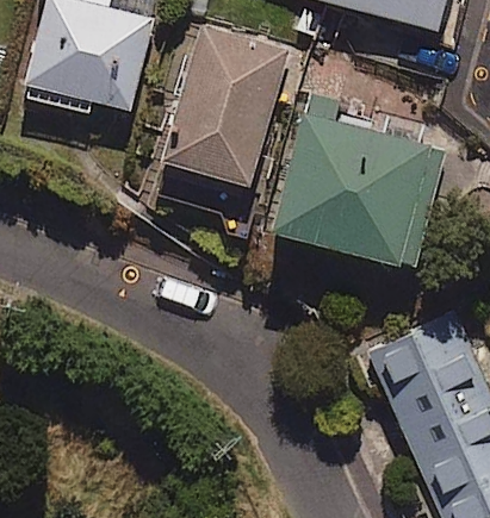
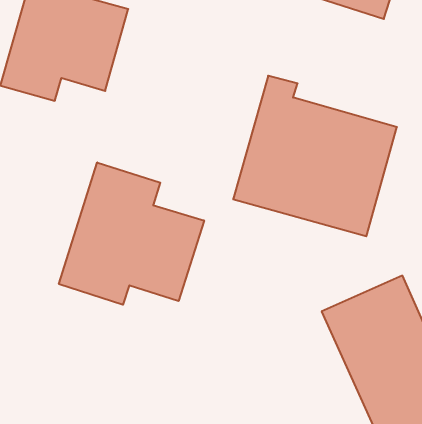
building: [157,23,291,189] -> none
building: none -> [59,162,204,305]

